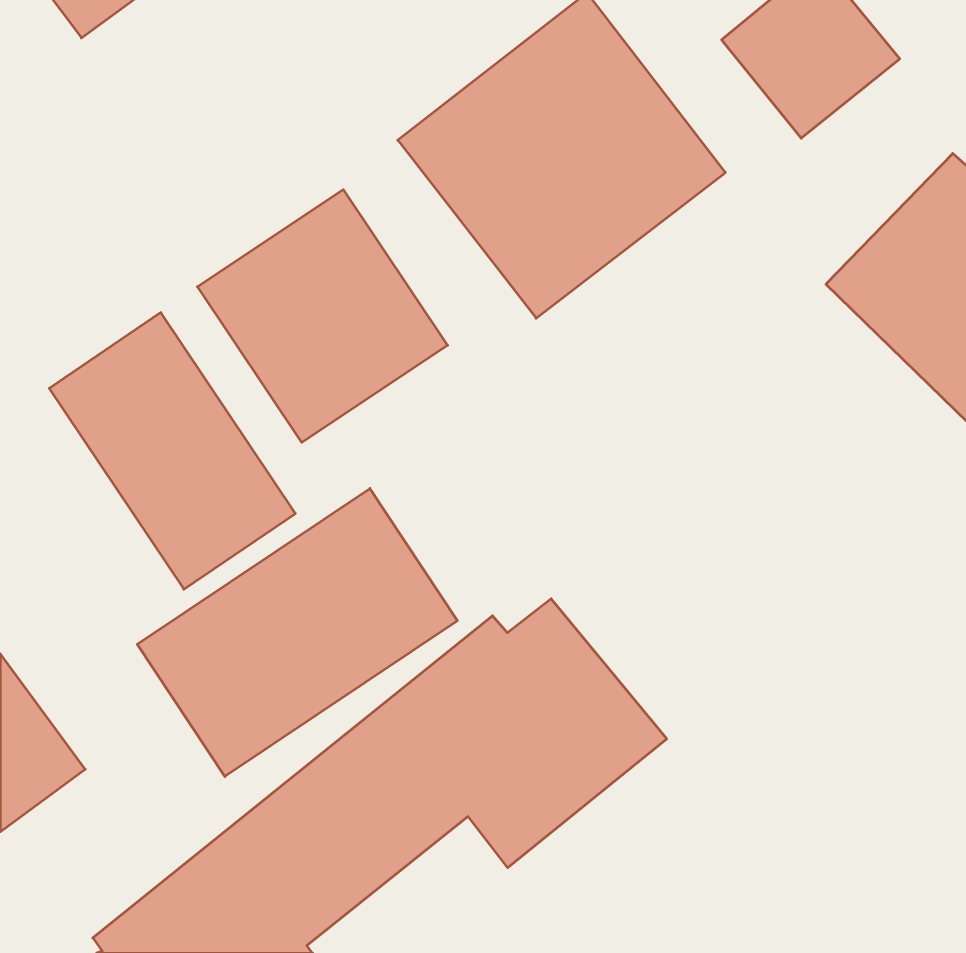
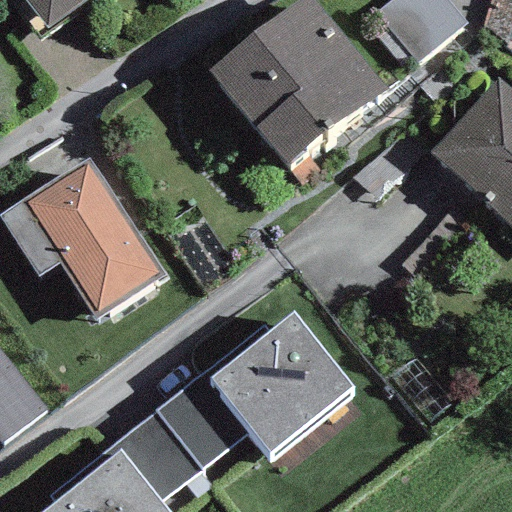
building: [197,190,448,442] -> none
building: [137,488,457,777] -> none

